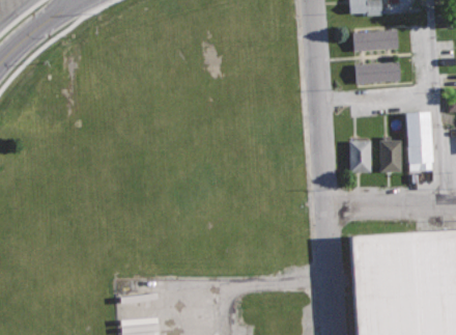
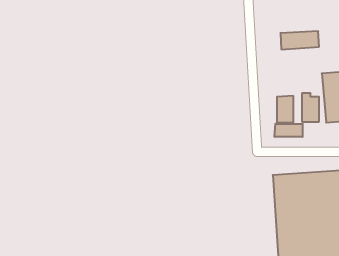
building: [353,29,400,52] -> none
building: none -> [275,124,303,137]

